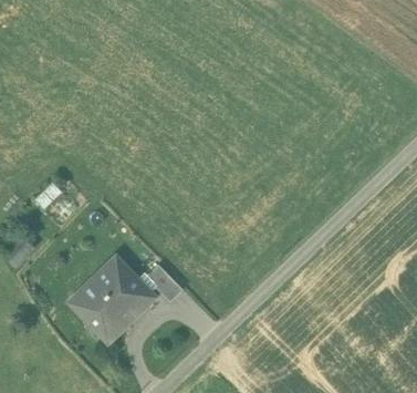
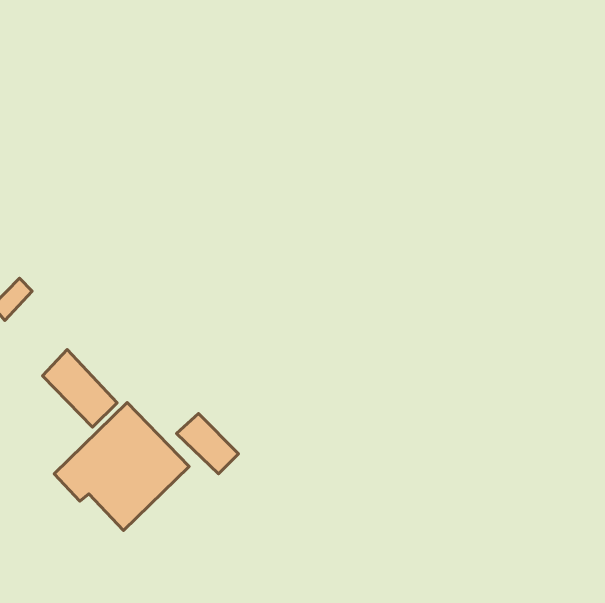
building: none -> [43,349,117,427]

